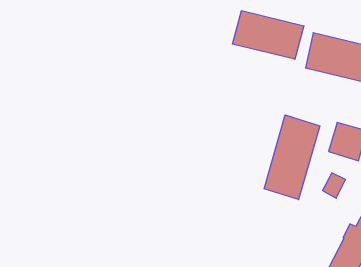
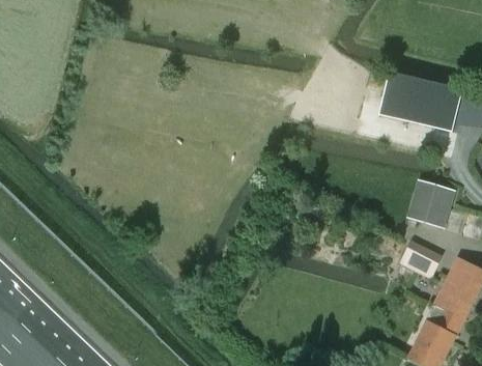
building: [232,11,304,59] -> none
building: [264,115,320,200] -> none

